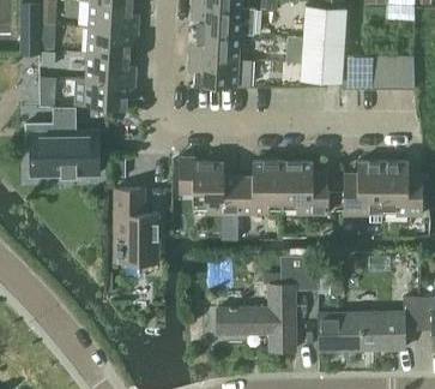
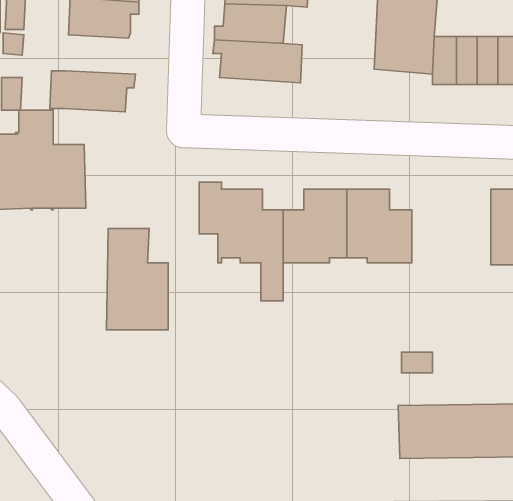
building: [85,54,134,82] -> none
building: [343,162,382,222] -> none
building: [216,257,318,351] -> none

